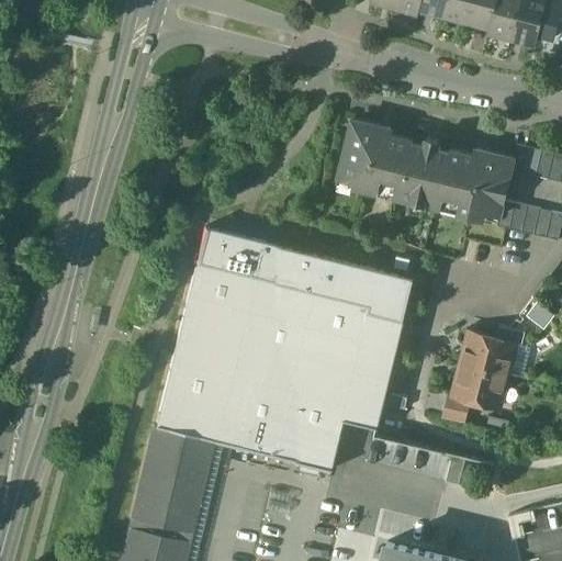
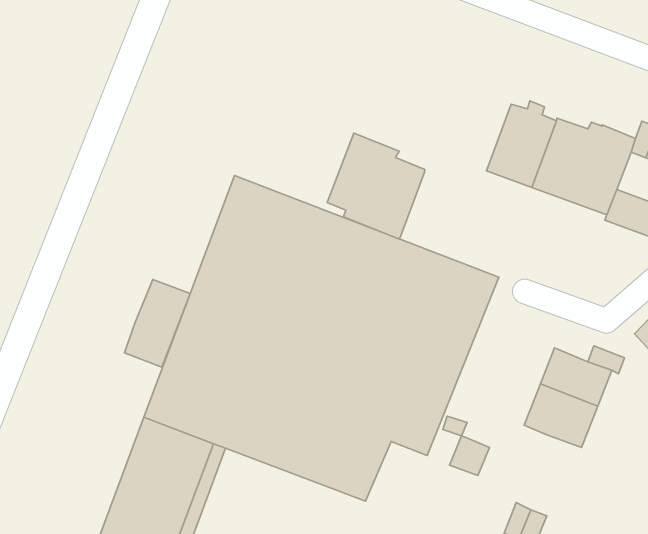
building: [338,120,412,199] -> [327,133,425,239]
building: none -> [124,279,190,367]
building: [441,394,471,424] -> [450,436,489,476]

